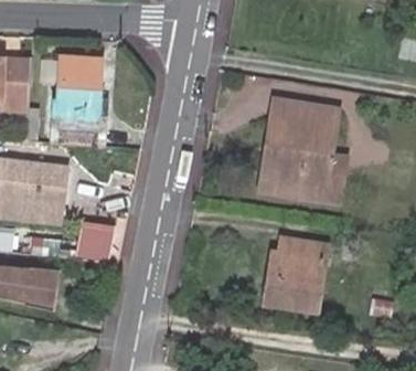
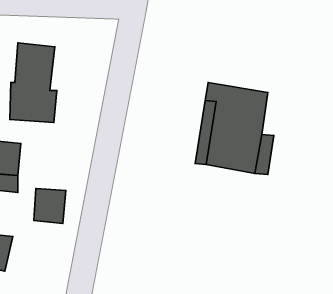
building: [264,242,324,306] -> none

